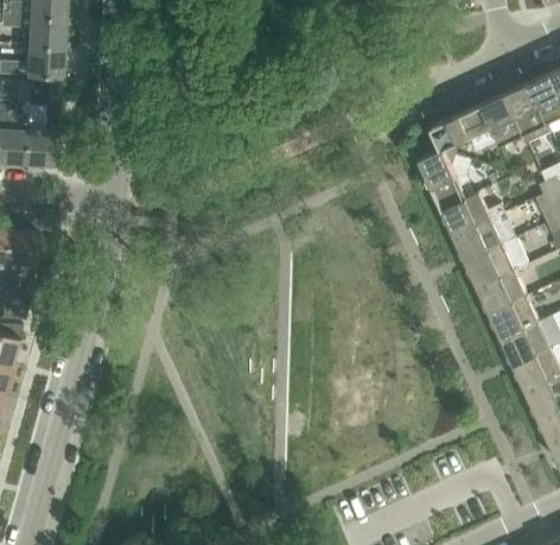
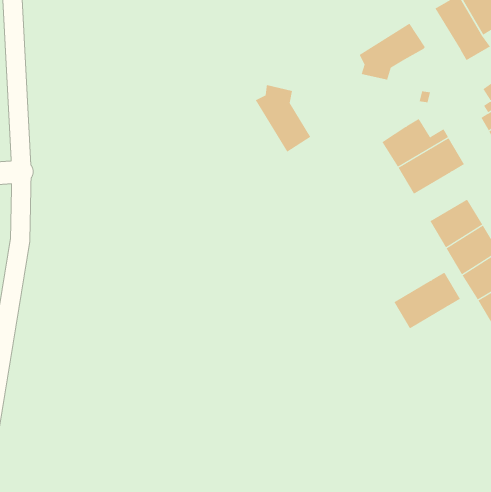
building: [482,94,524,146] -> none
building: [420,146,467,210] -> [255,85,311,153]
building: [467,239,529,287] -> [393,272,461,329]

